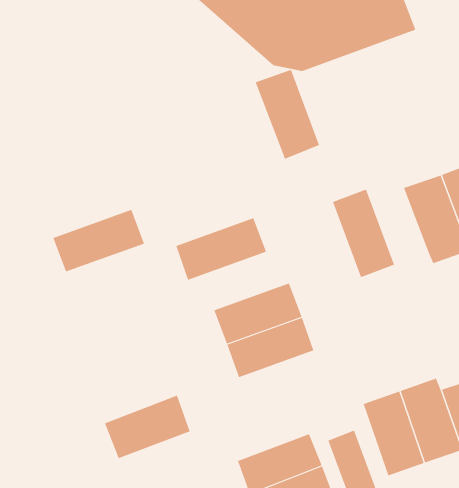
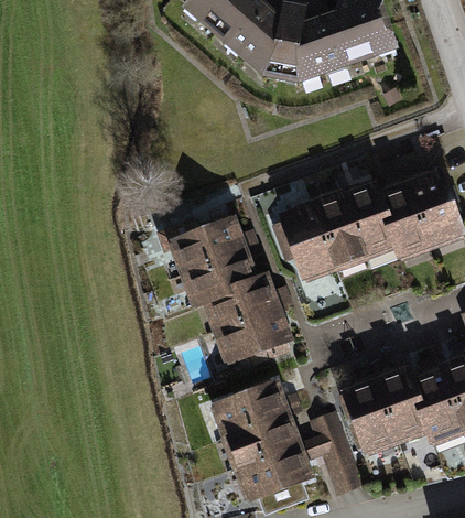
building: [255,69,320,159] -> [278,202,338,285]
building: none -> [344,177,401,260]
building: [52,209,145,272] -> [177,248,263,306]
building: [104,395,191,459] -> [210,382,291,442]

